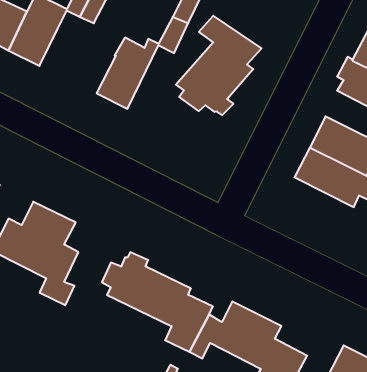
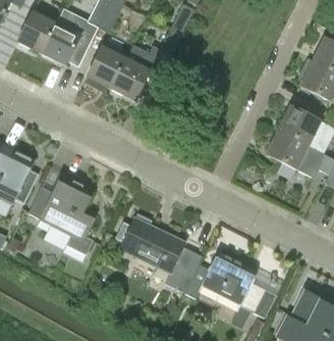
building: [176,16,261,115] -> none
building: none -> [84,47,125,89]

